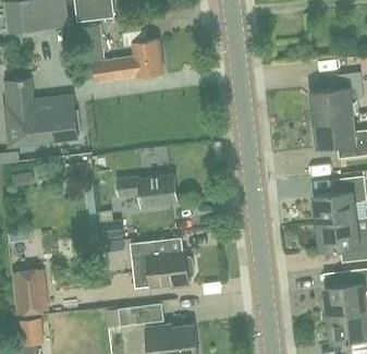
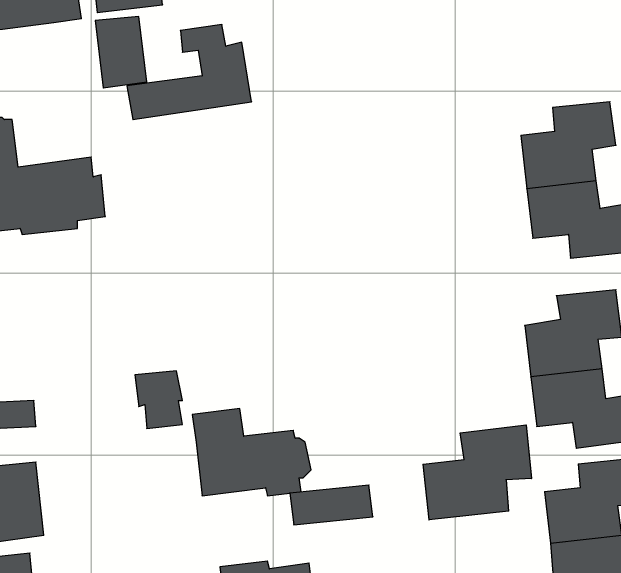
building: [117,175,178,206] -> none
building: none -> [423,425,531,520]
building: [118,303,163,325] -> [290,485,373,525]

